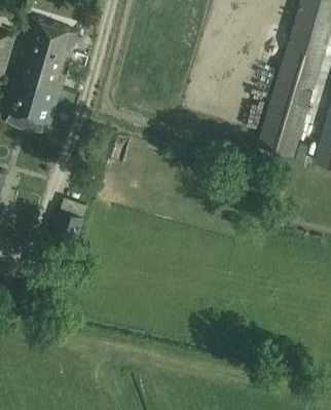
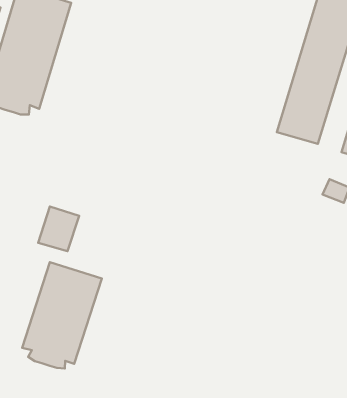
building: none -> [22,262,102,368]

